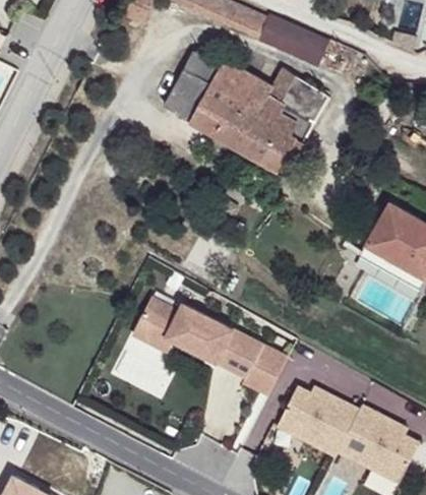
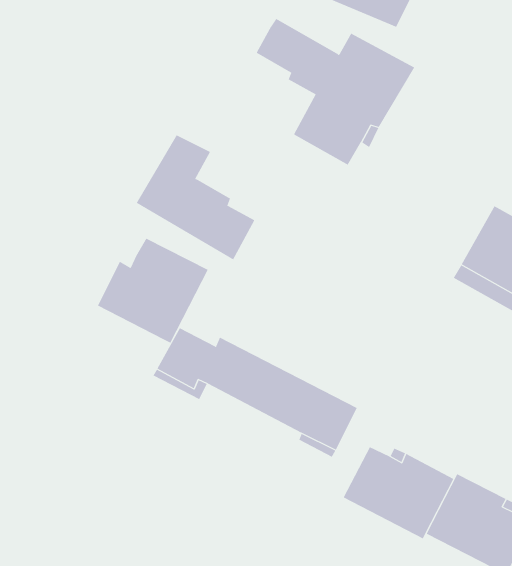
building: [164,54,254,149] -> [136,134,255,260]
building: none -> [97,238,209,344]

